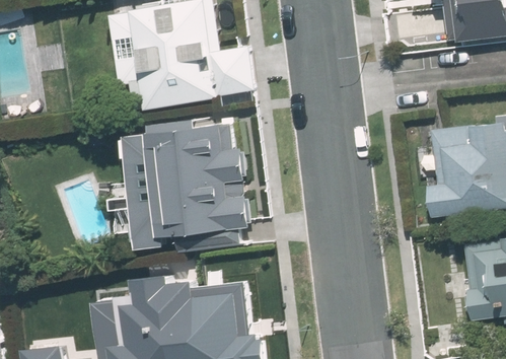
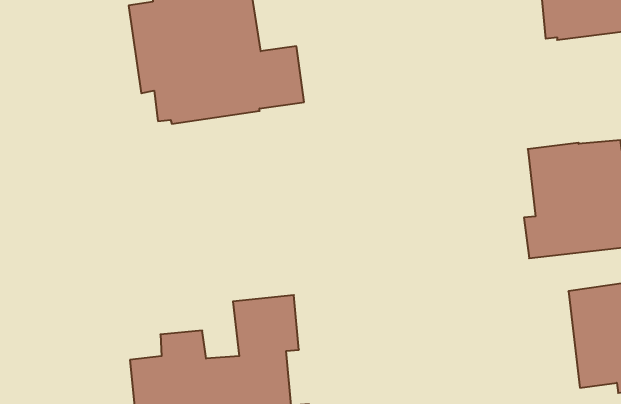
building: [128,128,245,248] -> none

